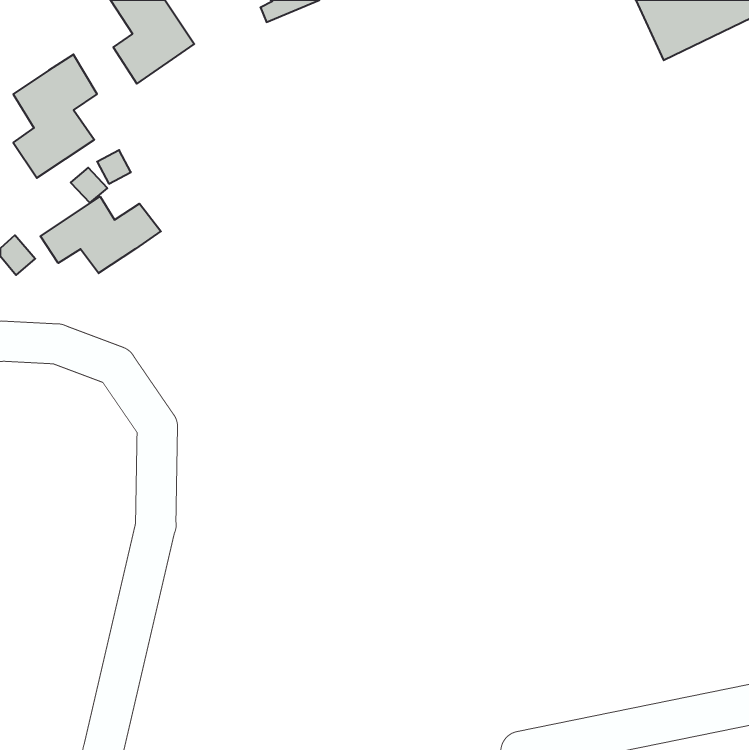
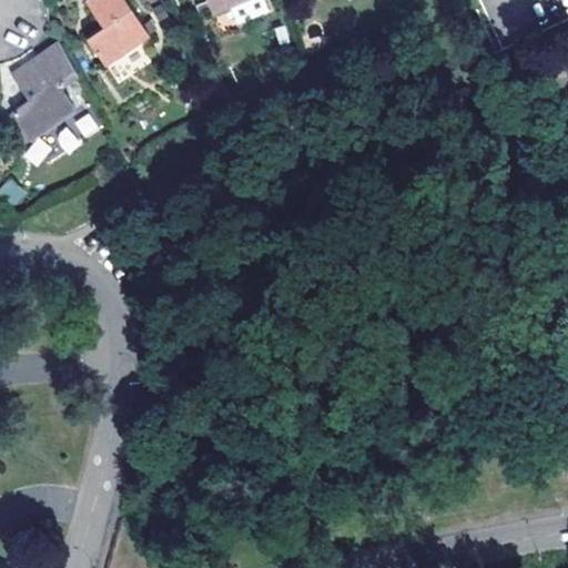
building: [40,197,161,273] -> none

